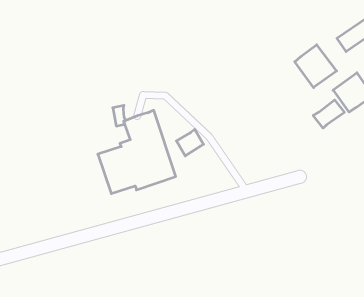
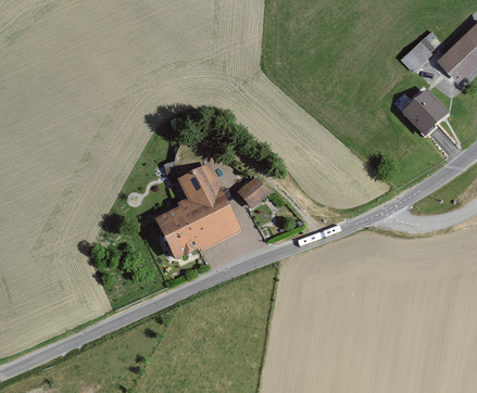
building: [295,45,337,88] -> none
building: [313,100,344,128] -> none

